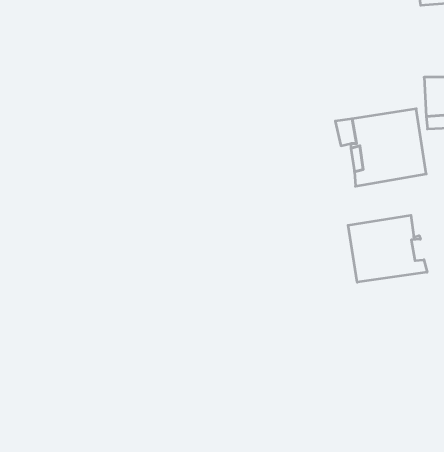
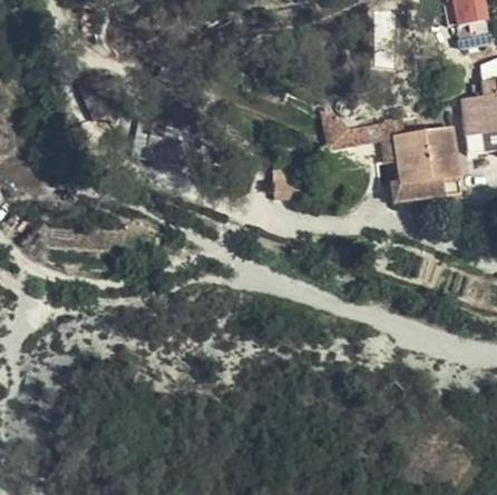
building: [348,215,427,282] -> none

